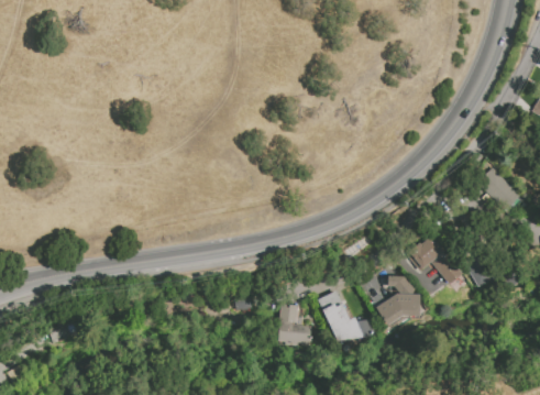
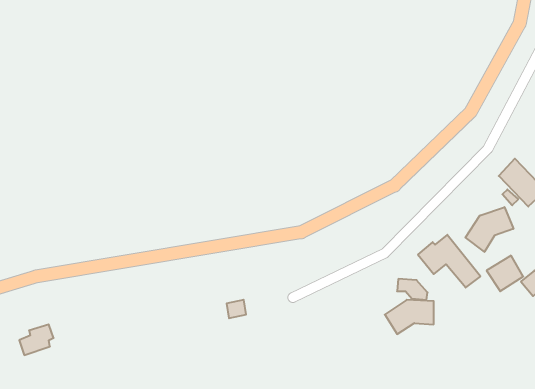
building: none -> [465,207,513,252]
building: [318,292,376,353] -> none
building: [277,304,310,347] -> none

